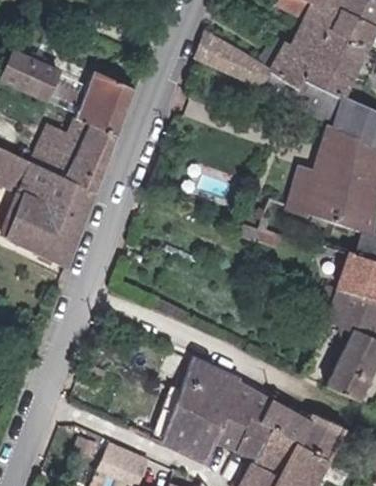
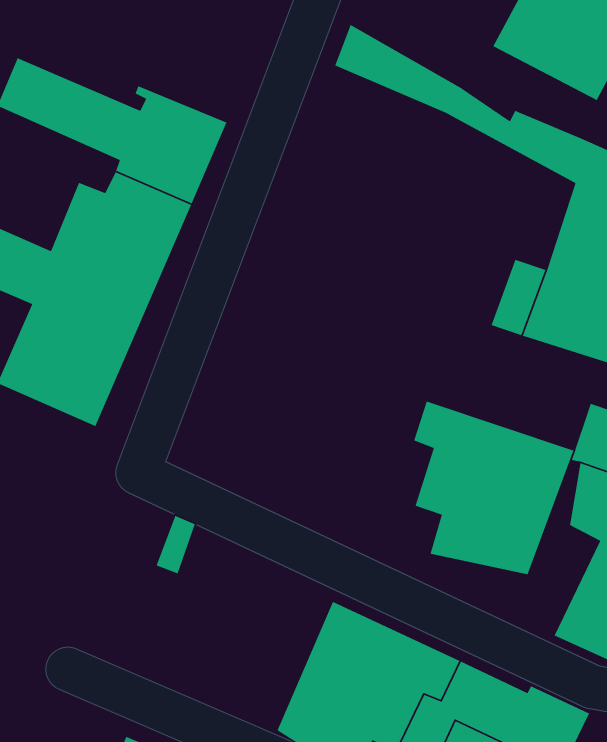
building: [270,46,348,99] -> none
building: none -> [413,401,574,575]

